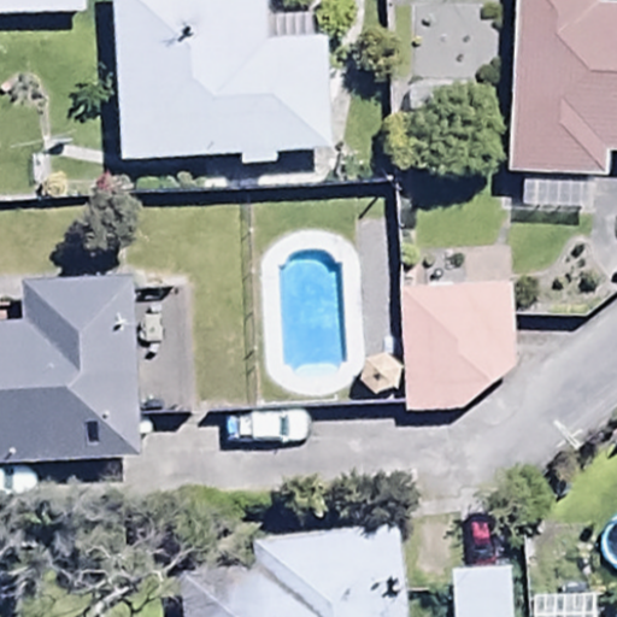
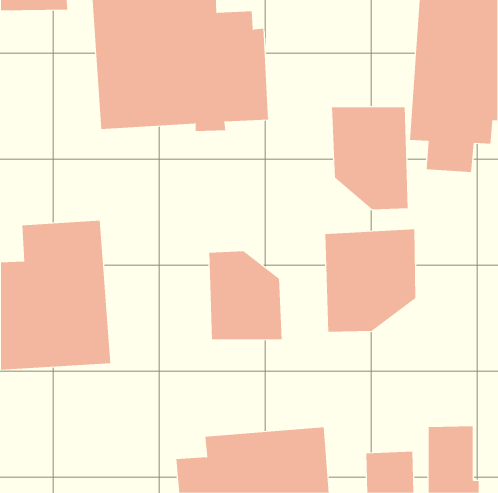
building: none -> [331,106,408,210]
building: none -> [209,251,282,340]

